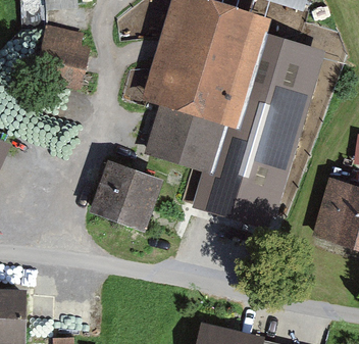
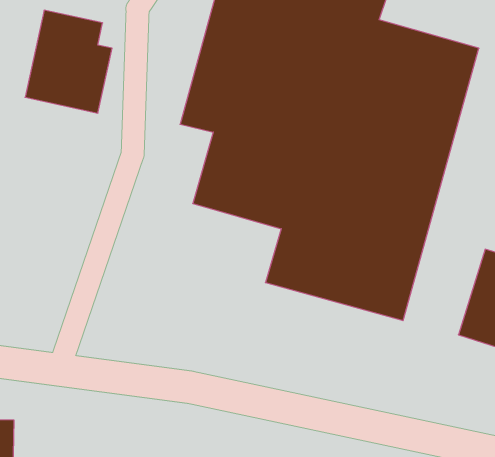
building: [90,159,164,232] -> none

